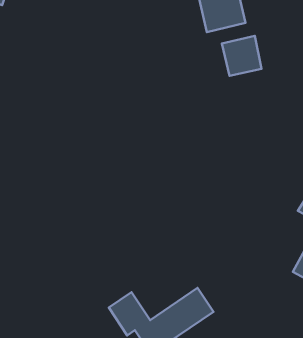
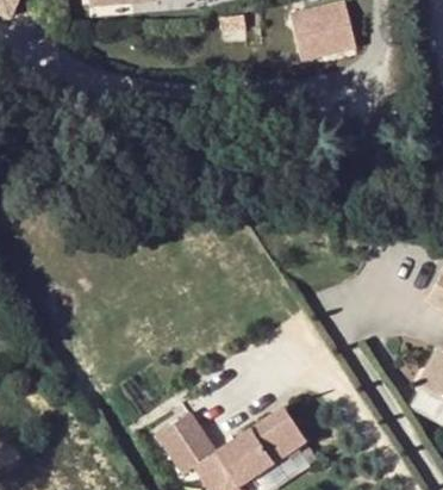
building: [222,36,262,76] -> none

